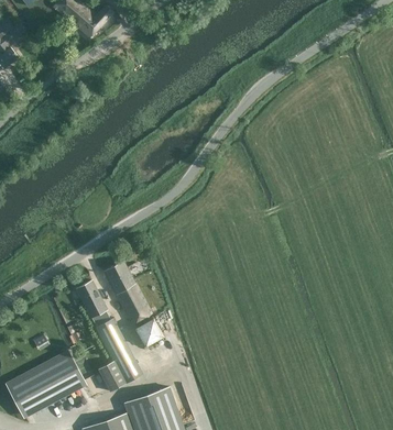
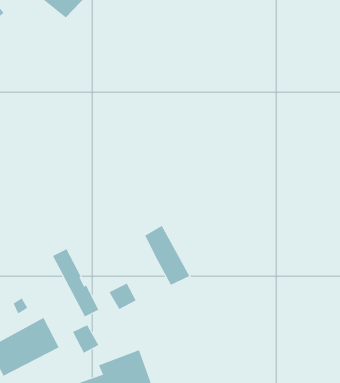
building: [105,260,153,323] -> [144,225,190,286]

